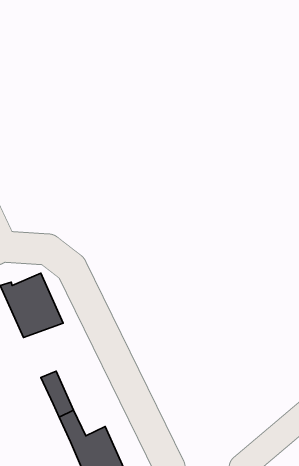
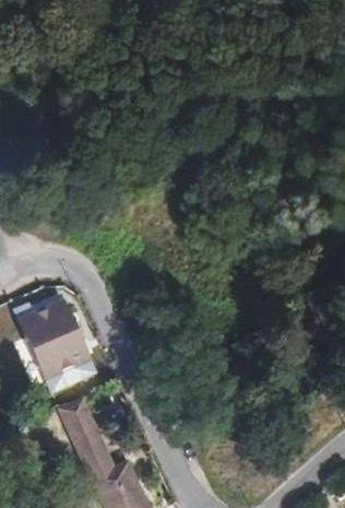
building: none -> [41,348,95,390]

